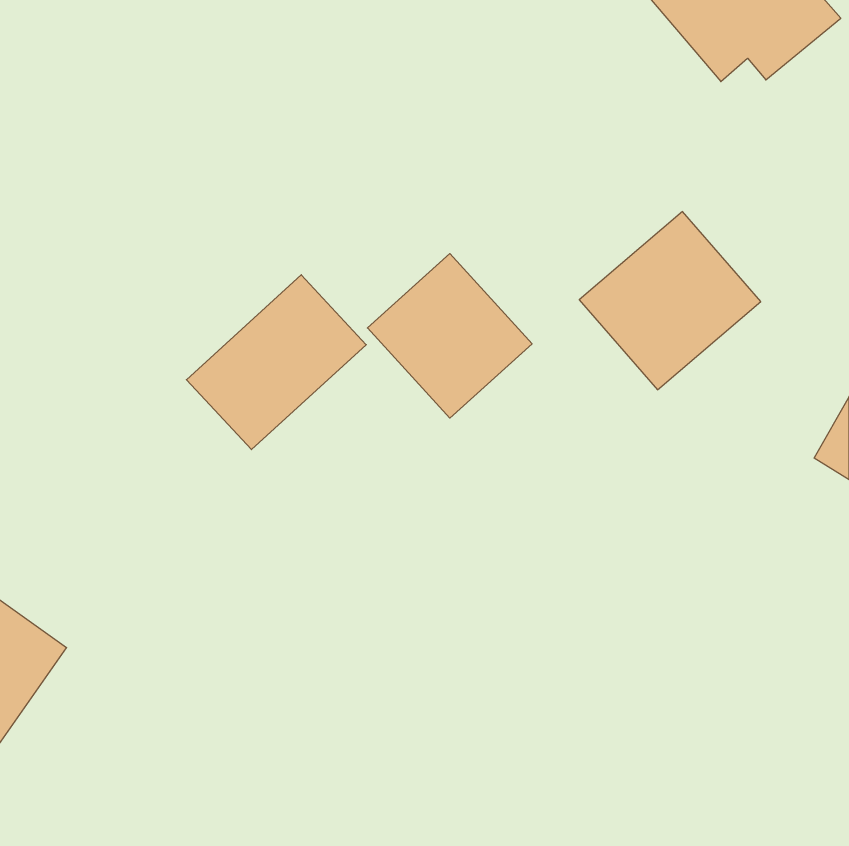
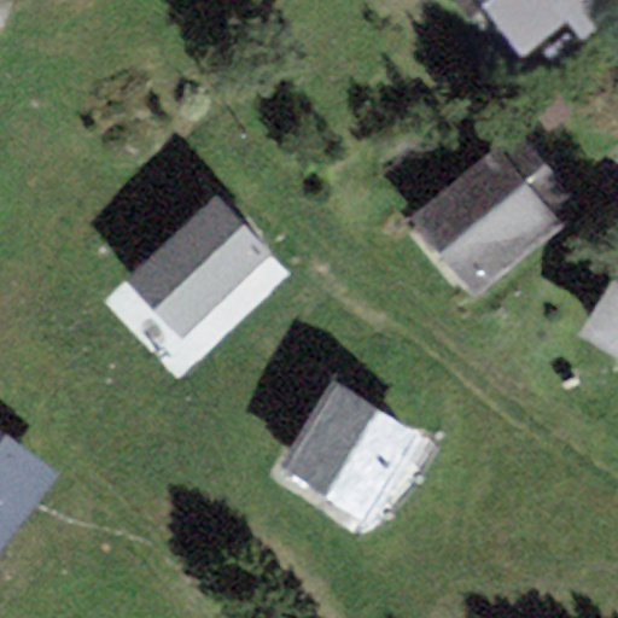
building: [367,254,532,418] -> none
building: none -> [286,385,422,521]

